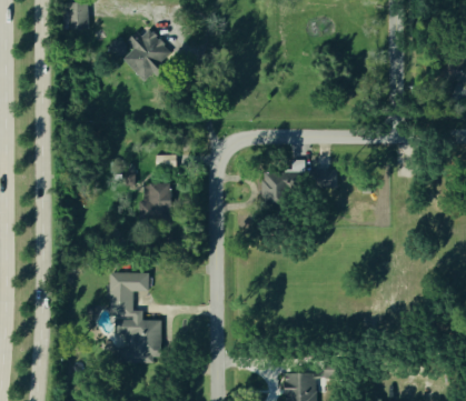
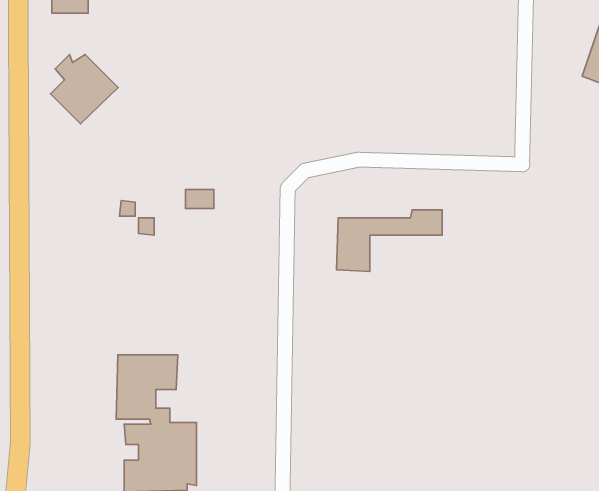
building: [123,30,171,79] -> [50,55,118,124]
building: [139,182,171,220] -> none

